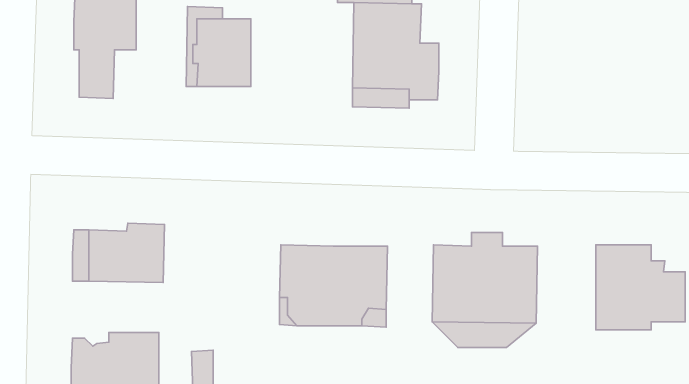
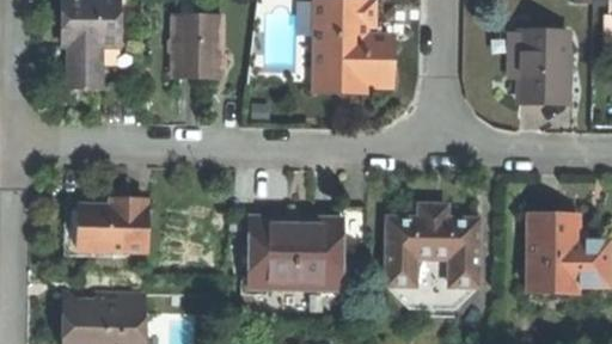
building: none -> [507,30,564,96]

